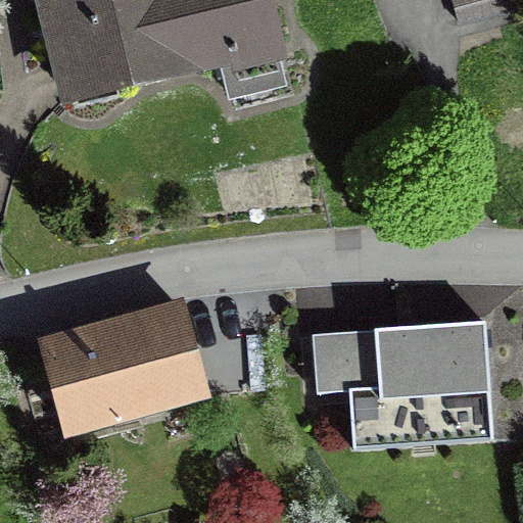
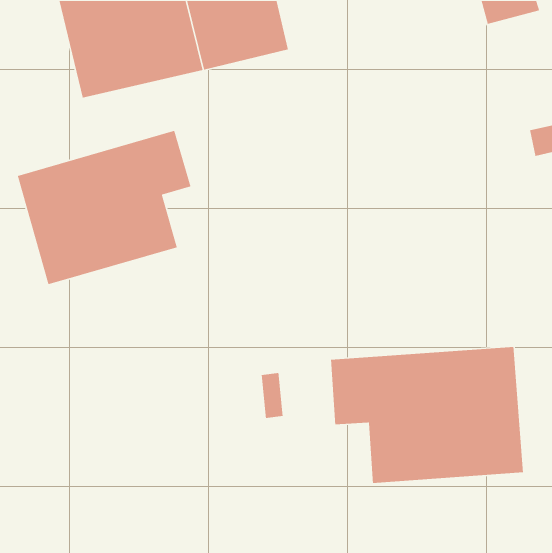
building: none -> [17,130,192,285]
building: [44,296,205,429] -> none

